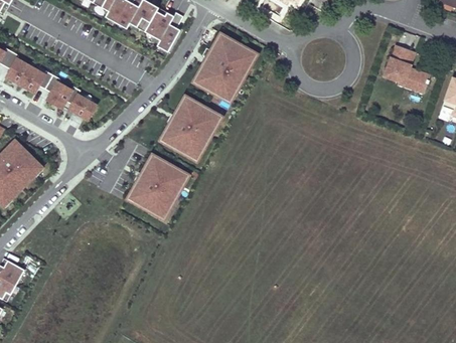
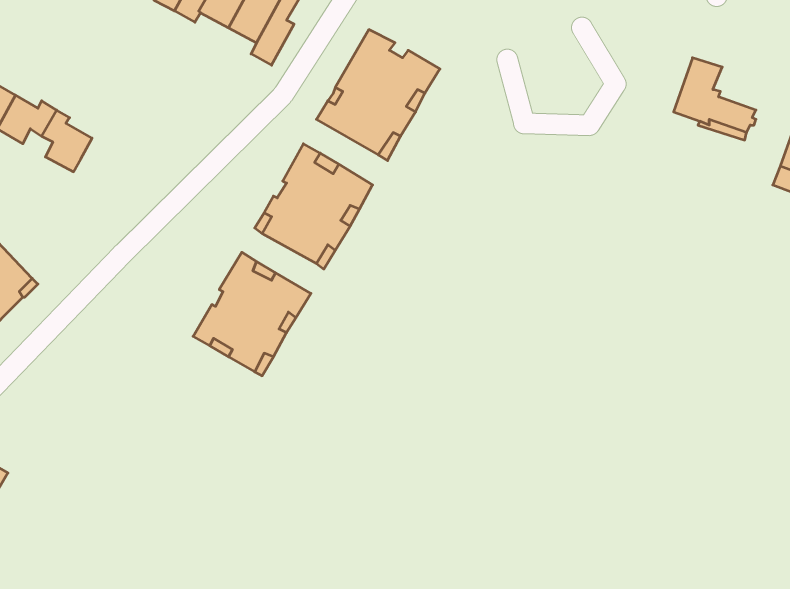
building: [64,87,95,120] -> none

